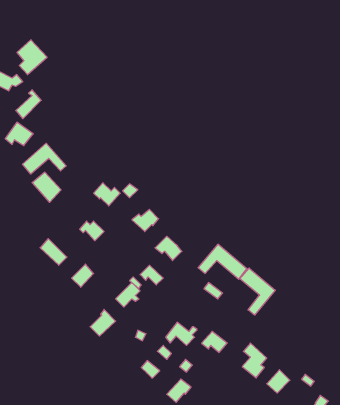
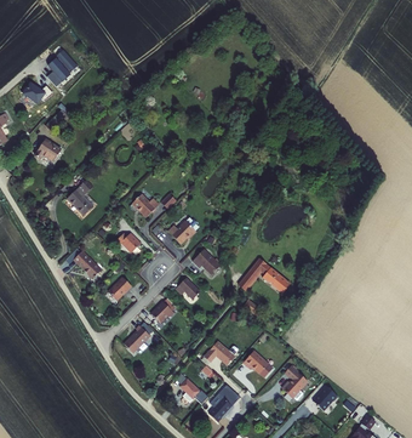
building: [23,143,66,174] -> none
building: [240,268,275,315] -> none

